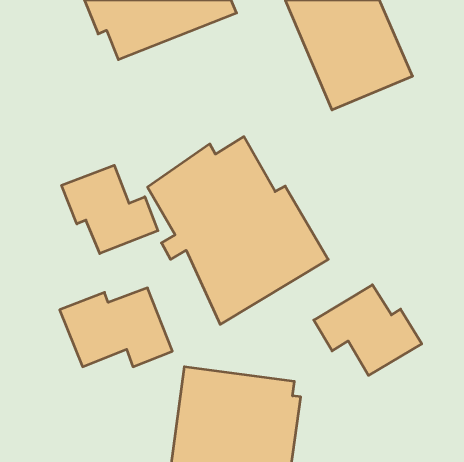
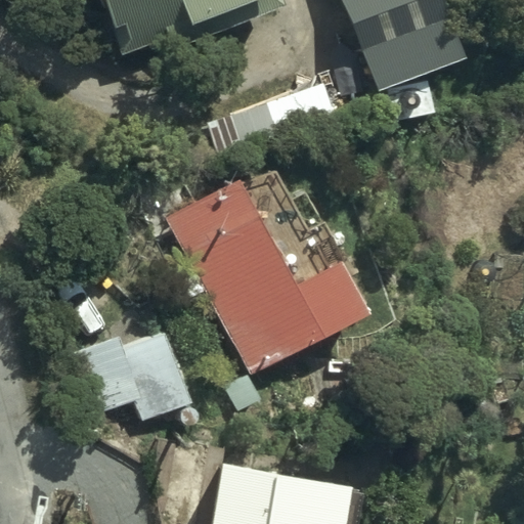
building: [62,165,158,254] -> none
building: [314,285,422,375] -> none

